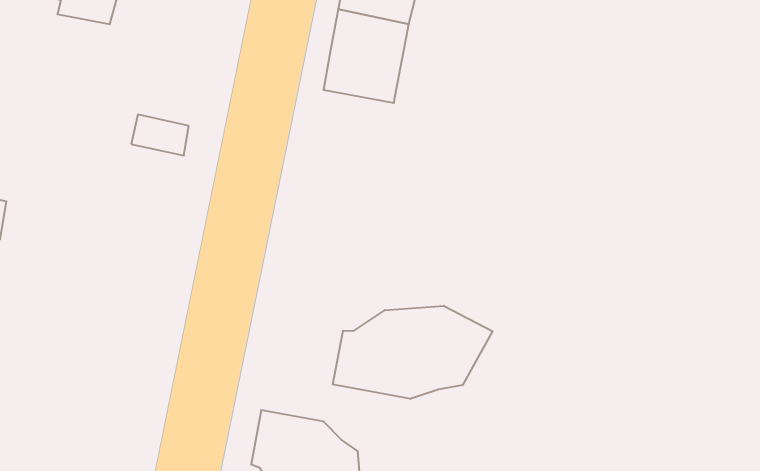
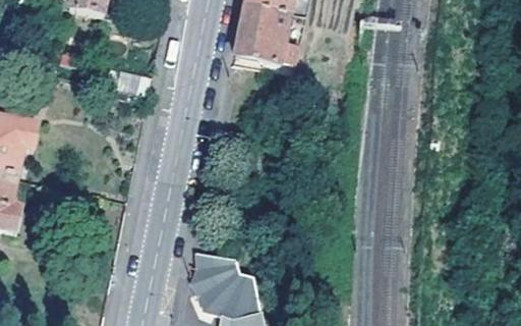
building: [333,306,492,399] -> none

